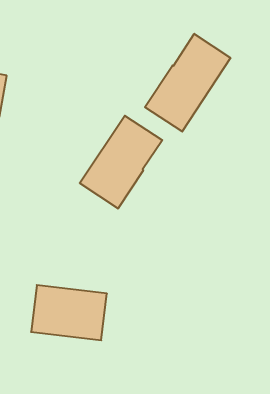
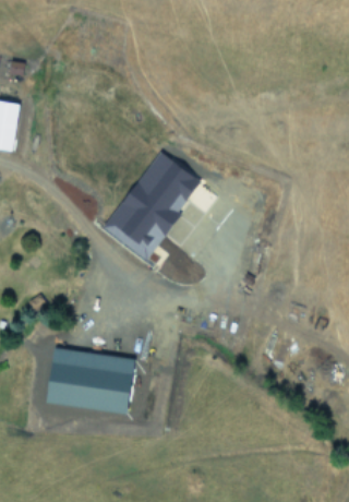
building: [145,34,230,132] -> none

